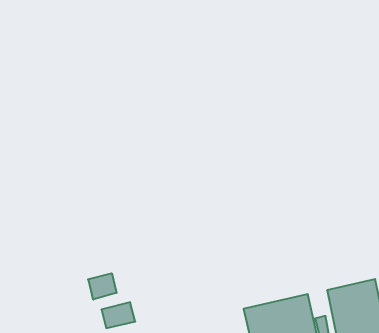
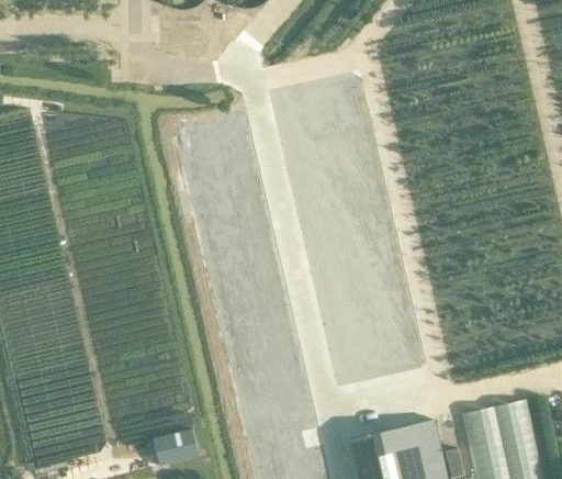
building: [88,273,117,300] -> none

